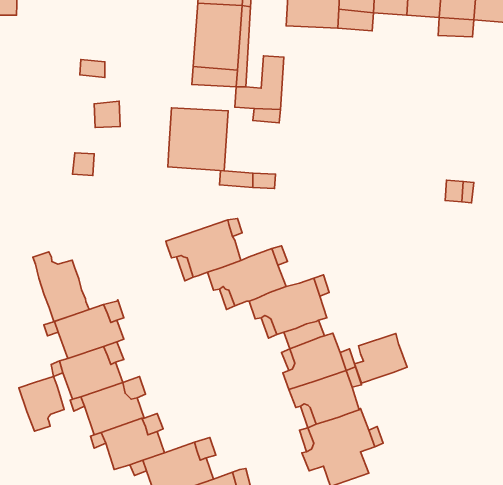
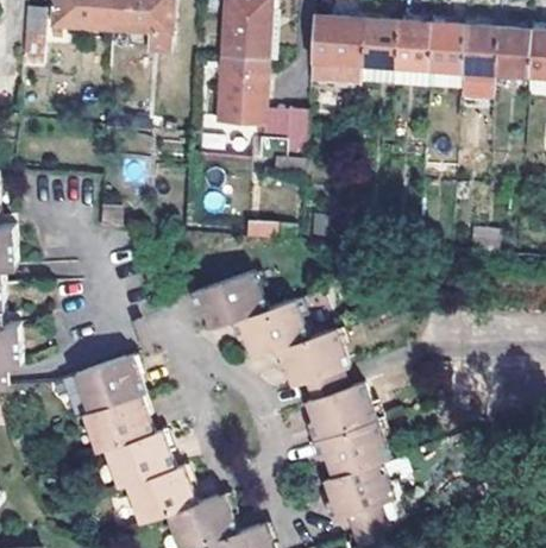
building: [168,108,228,171] -> none
building: [33,252,89,322] -> none
building: [355,333,407,383] -> none
building: [19,376,64,431] -> none

